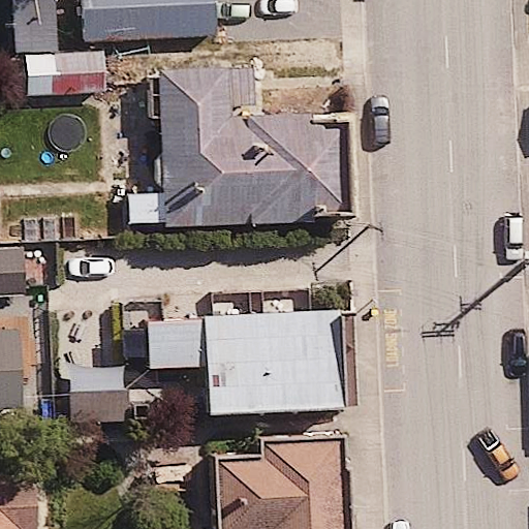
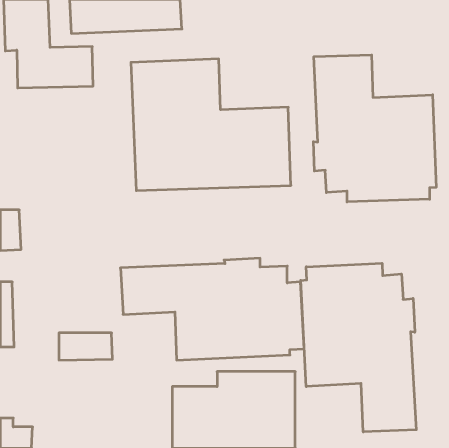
building: none -> [313,55,436,202]
building: none -> [301,263,416,432]

